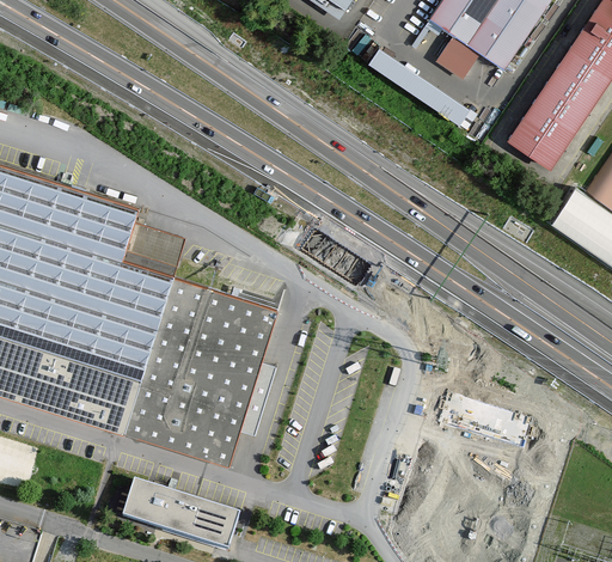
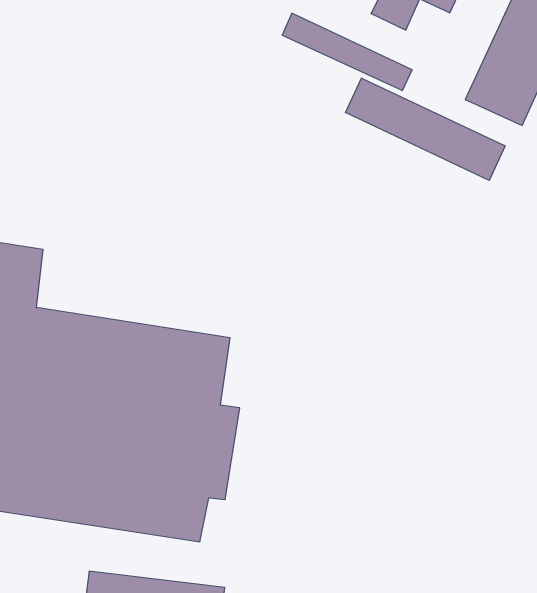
building: none -> [345,78,505,180]

